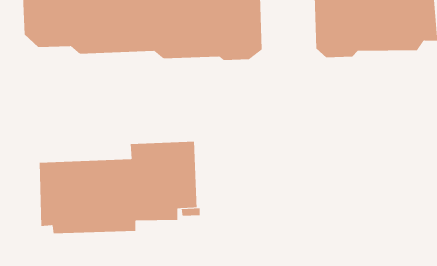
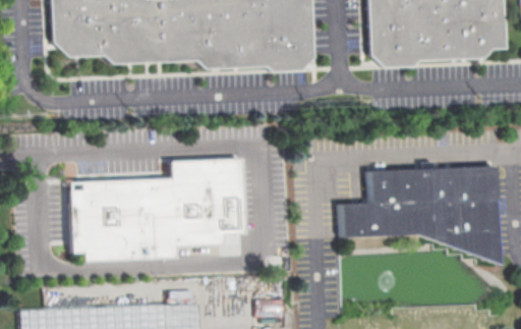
building: none -> [340,166,500,264]

